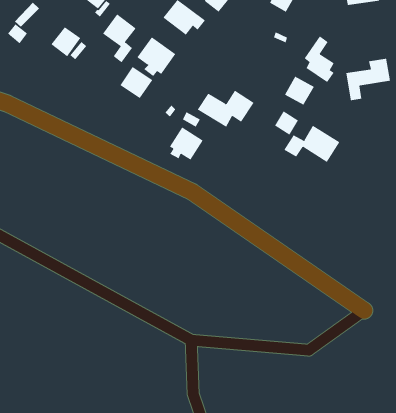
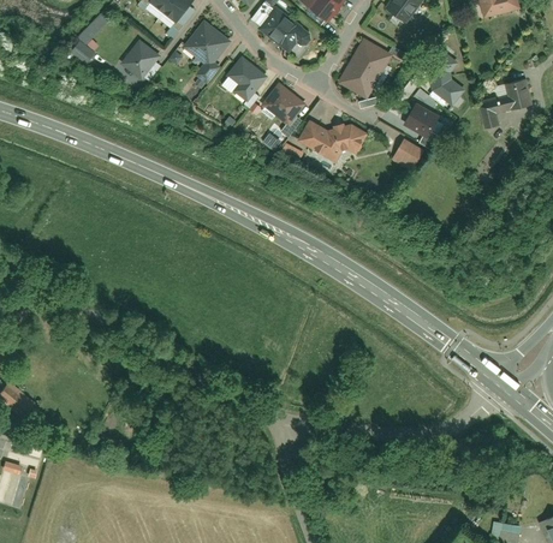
building: none -> [338,43,390,101]
building: [119,66,153,99] -> [262,84,303,124]
building: [284,125,340,163] -> none
building: [169,127,204,160] -> none

